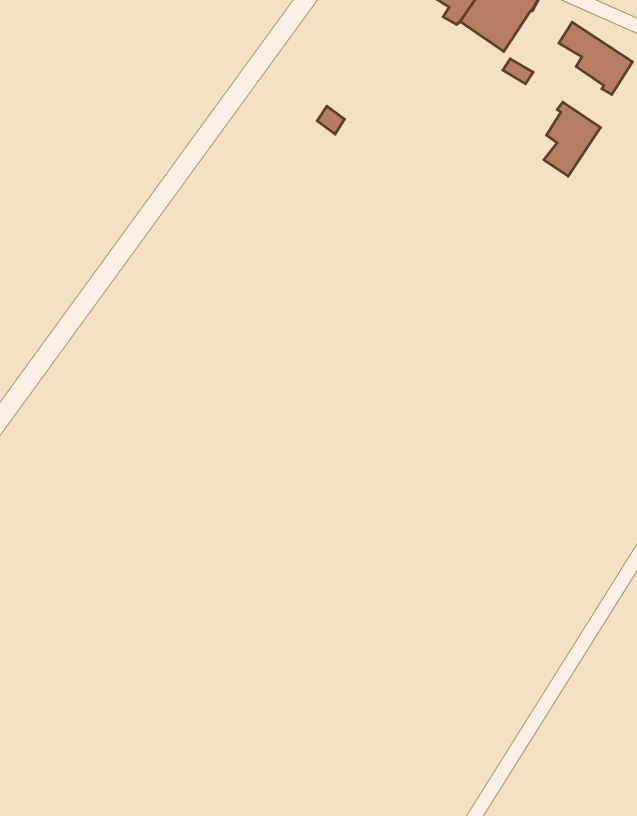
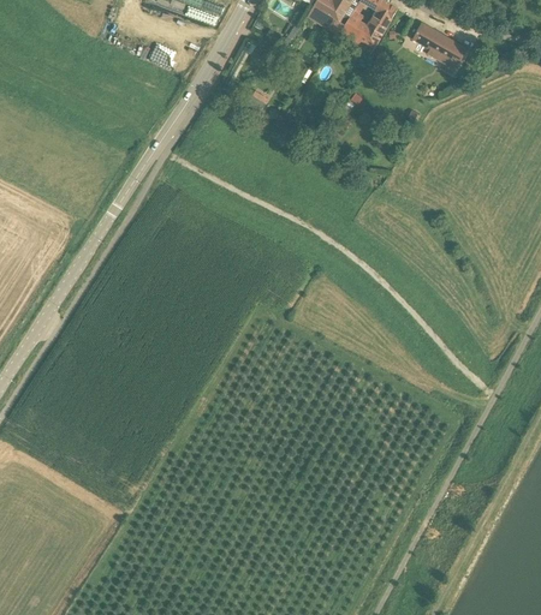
building: [544,102,600,176] -> none

